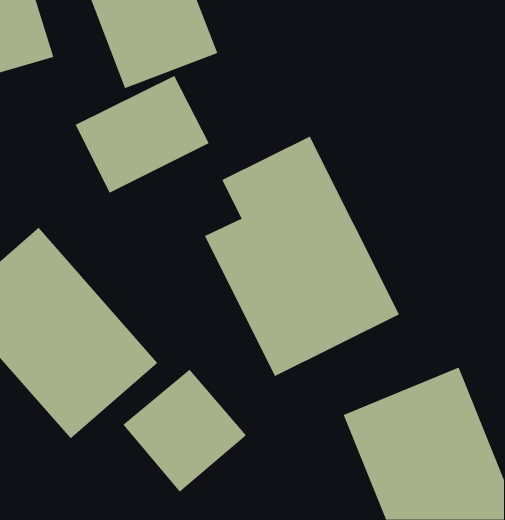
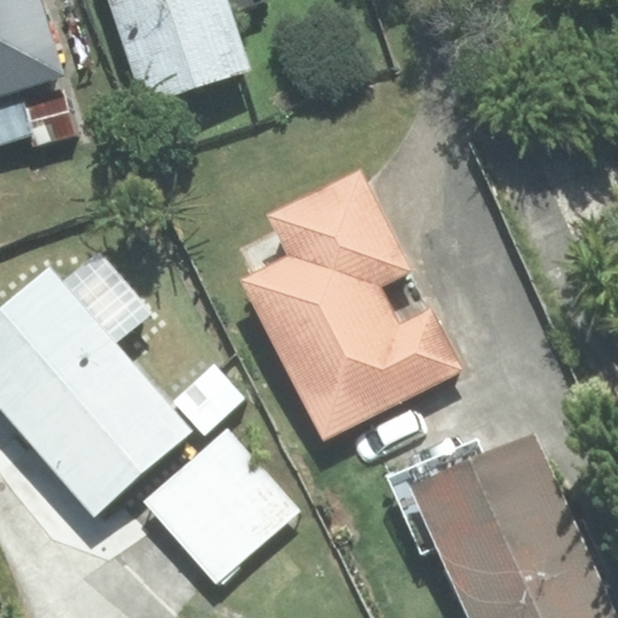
building: [75,75,209,194] -> none

